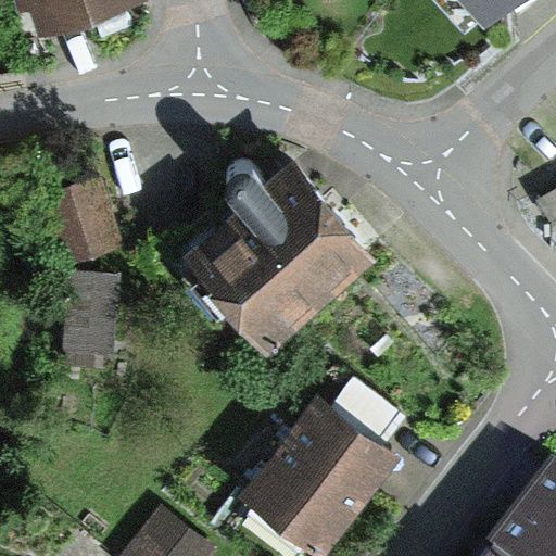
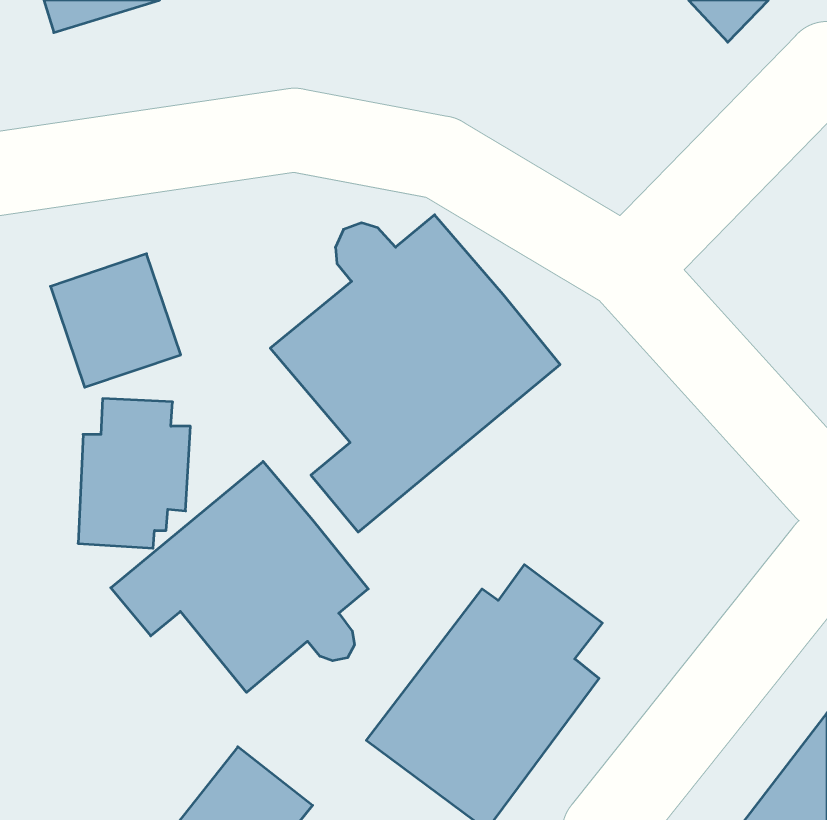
building: none -> [111,461,368,692]

